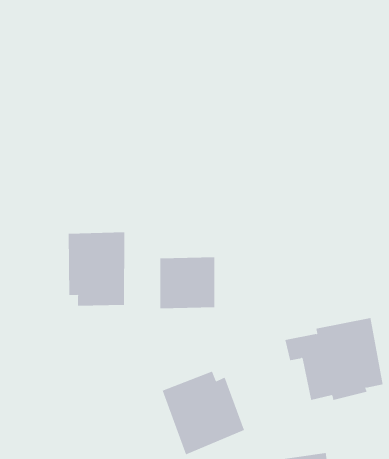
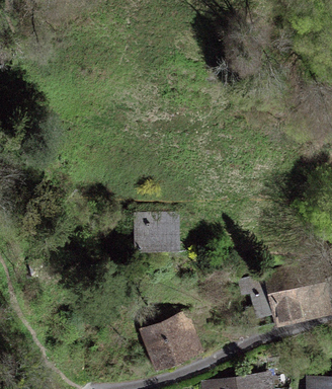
building: [68,231,125,306] -> none

